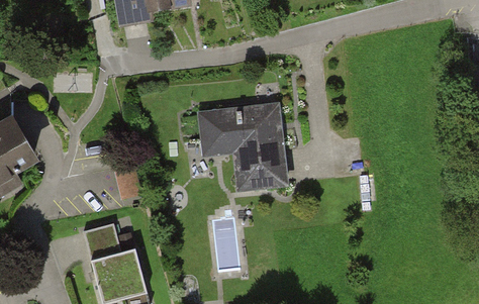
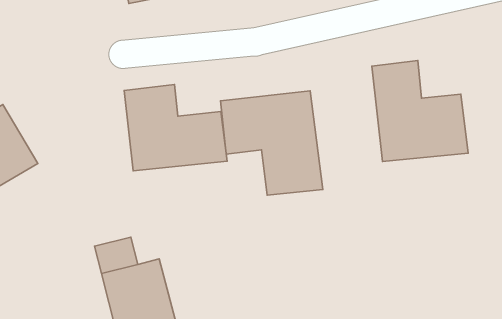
building: none -> [372,61,468,161]
building: none -> [124,84,227,171]

